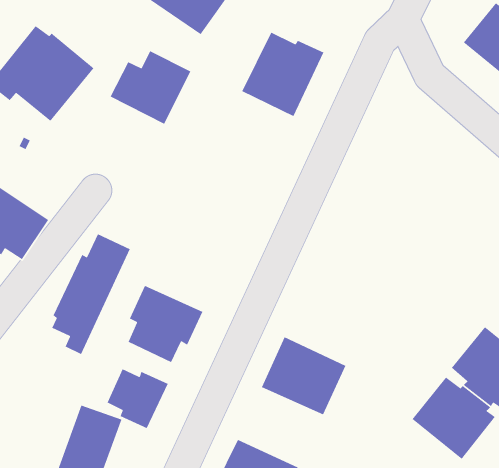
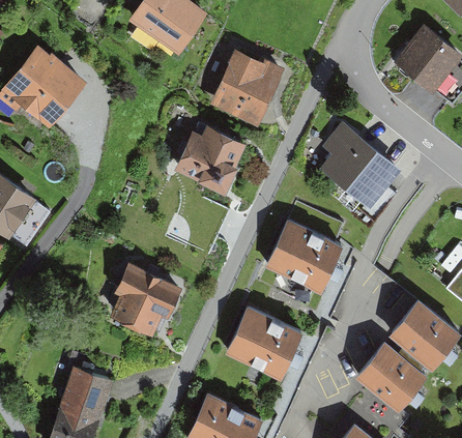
building: [109,50,191,125] -> [175,128,244,192]
building: none -> [317,127,399,206]
building: none -> [269,223,342,291]
building: [51,233,131,355] -> none
building: [106,368,169,429] -> none

